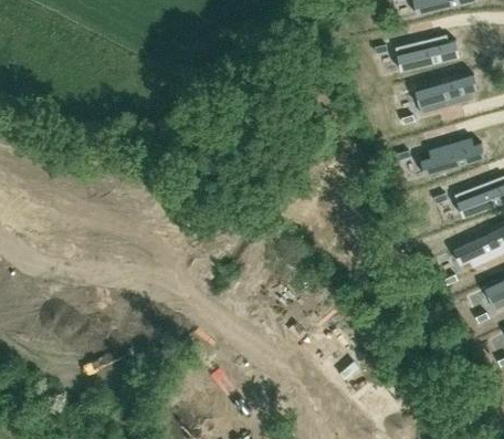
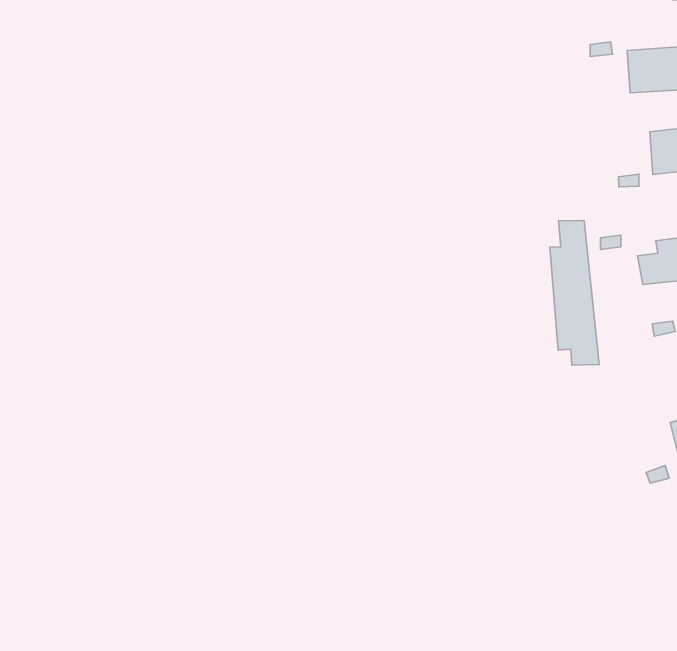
building: none -> [550,220,599,365]

